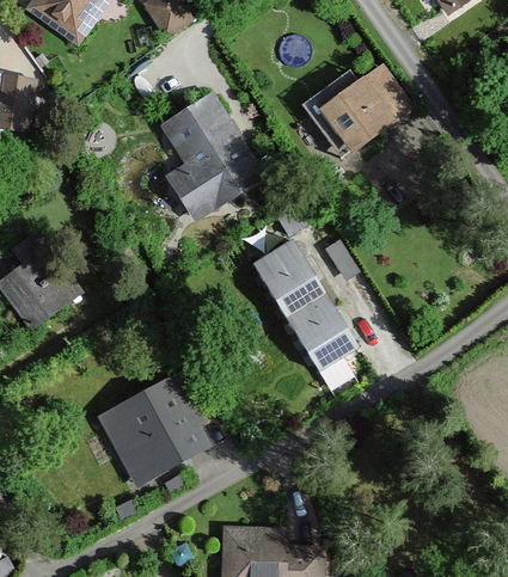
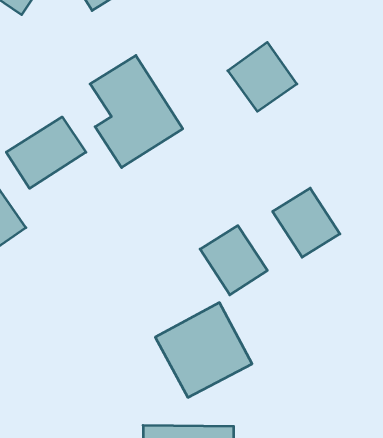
building: none -> [6,117,86,188]
building: [252,237,331,318] -> [273,188,340,257]
building: [94,374,208,485] -> [155,303,252,397]

